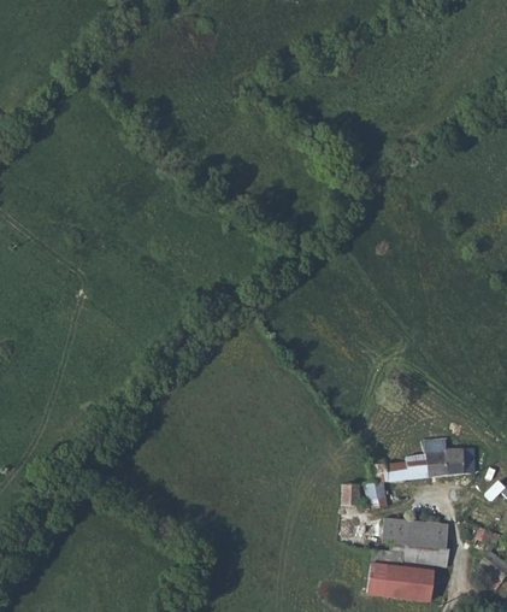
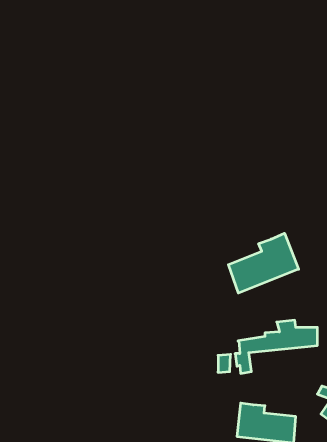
building: none -> [228,233,299,293]
building: [383,519,449,567] -> none

